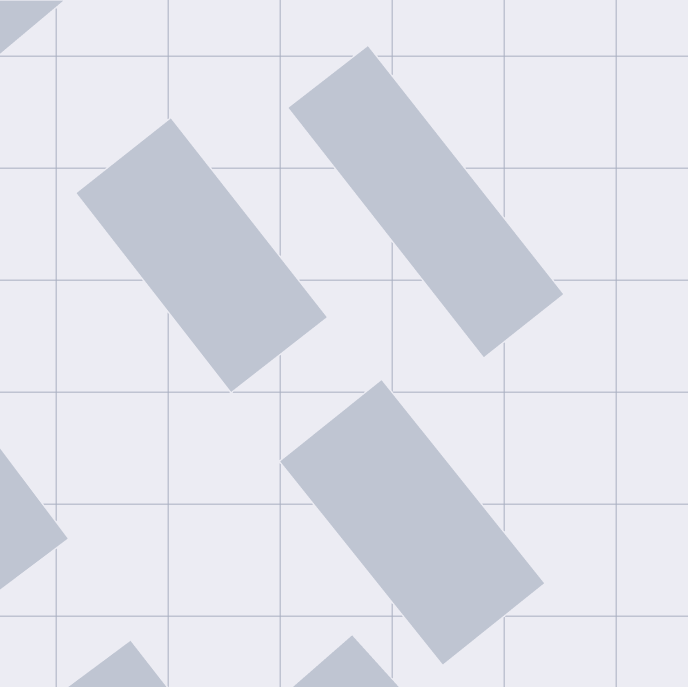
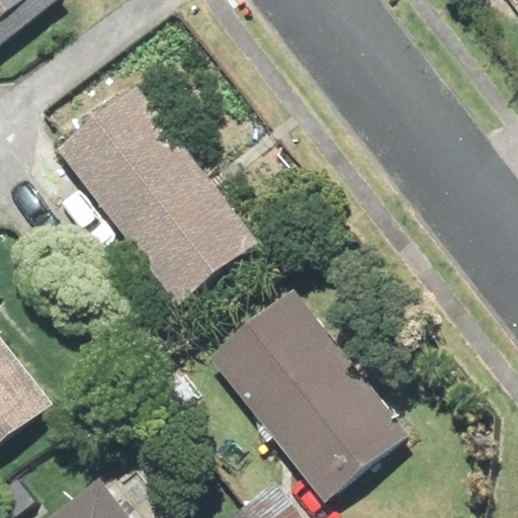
building: [287,45,564,358] -> none

